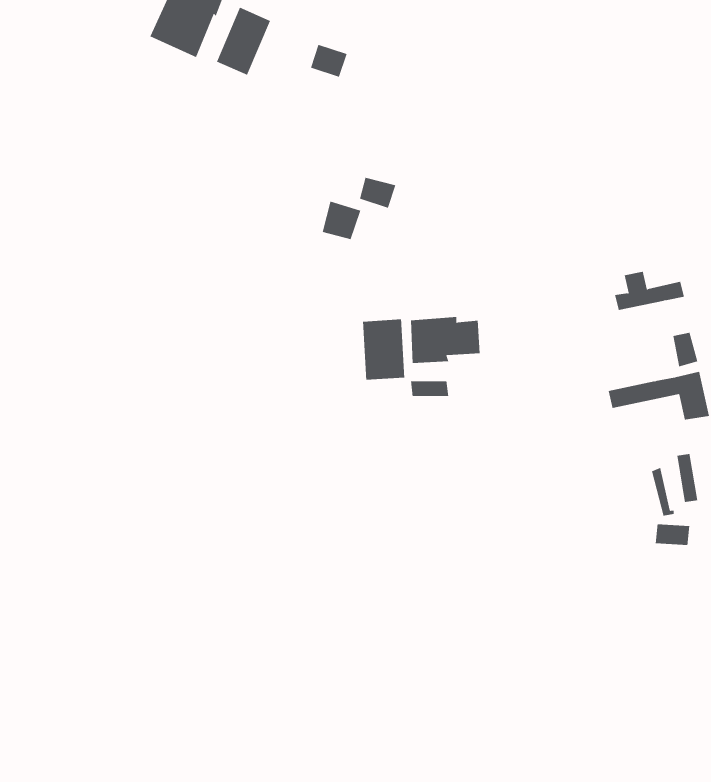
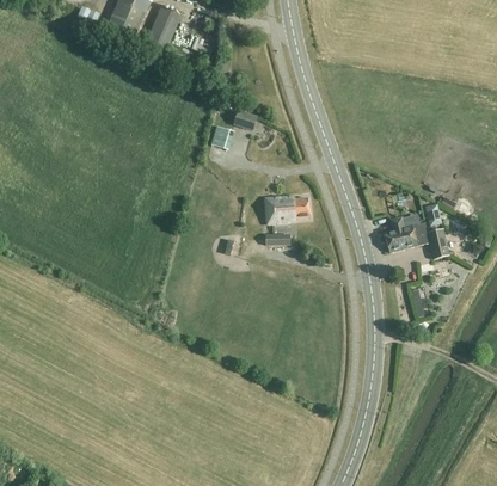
building: [614,271,685,310] -> [382,216,425,240]
building: [362,319,405,381] -> none

